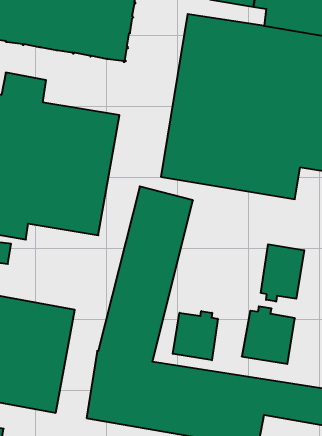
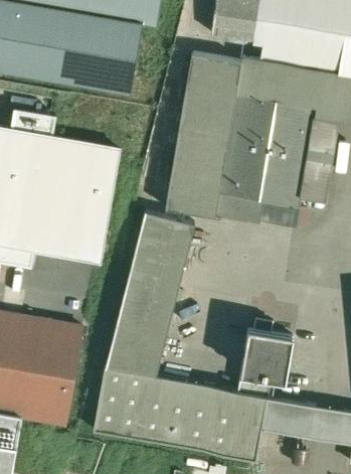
building: [261,244,304,302] -> none
building: [173,311,218,360] -> none

